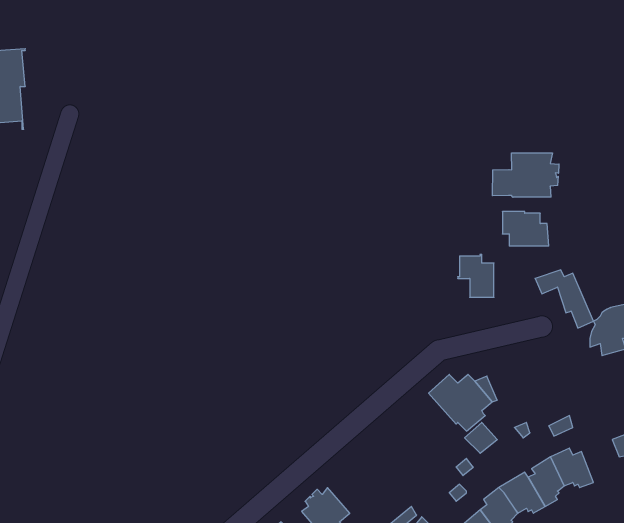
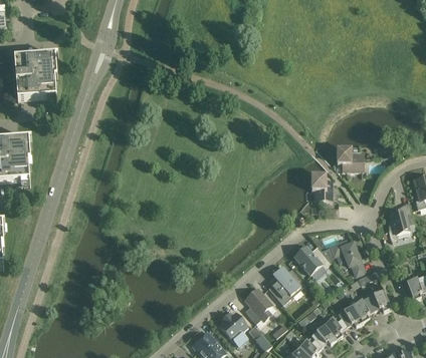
building: [492,153,559,197] -> none
building: [535,270,593,328] -> [329,240,363,274]
building: none -> [266,265,303,303]
building: none -> [243,287,270,322]

